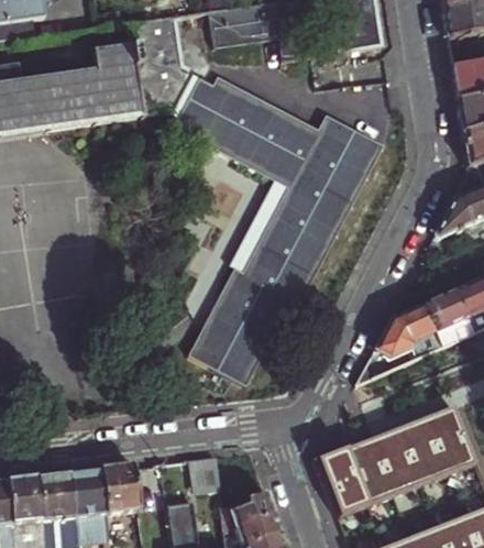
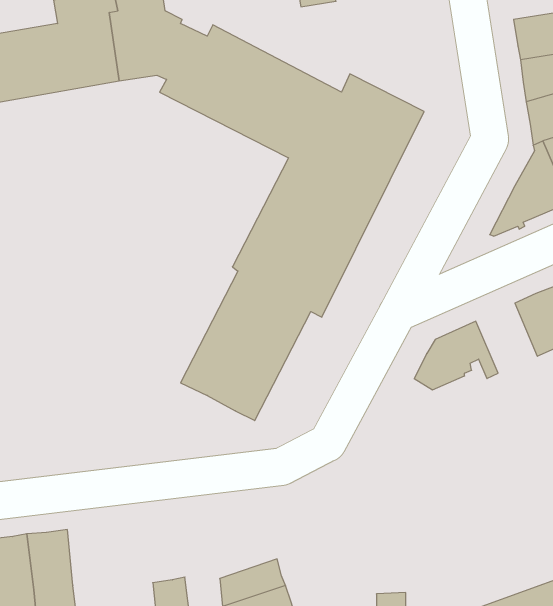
building: [421,291,470,346] -> none
building: [317,405,475,516] -> none
building: [187,456,218,494] -> none
building: [100,465,138,513] -> none

